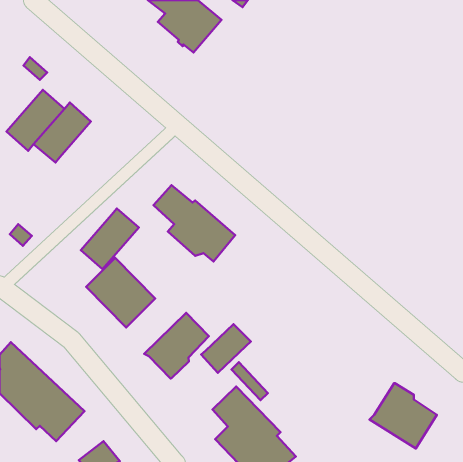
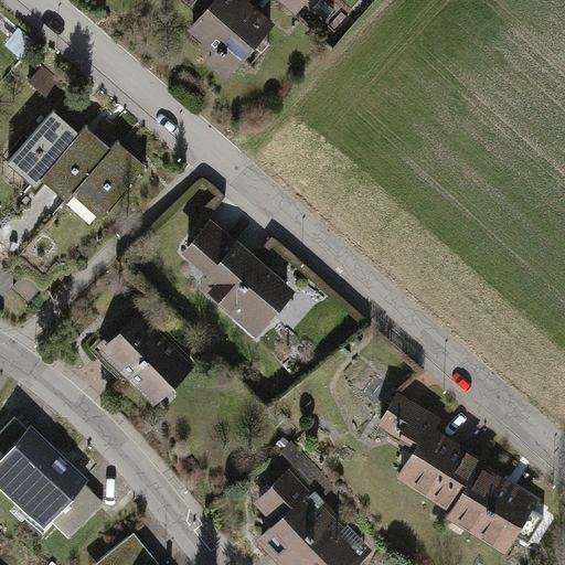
building: [81,208,139,269] -> [73,142,143,216]
building: [144,313,209,378] -> none
building: none -> [376,396,483,507]
building: [201,324,251,373] -> none

